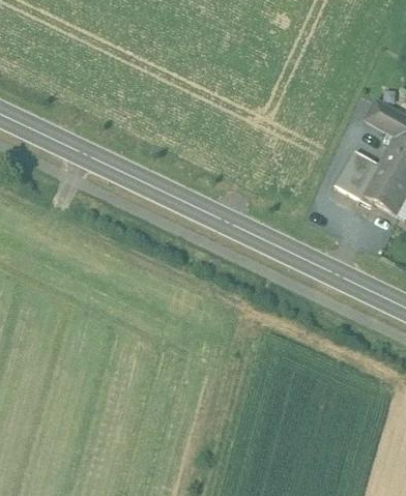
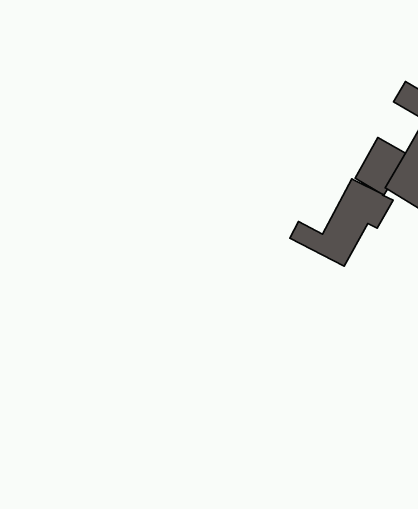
building: none -> [290,179,393,266]

